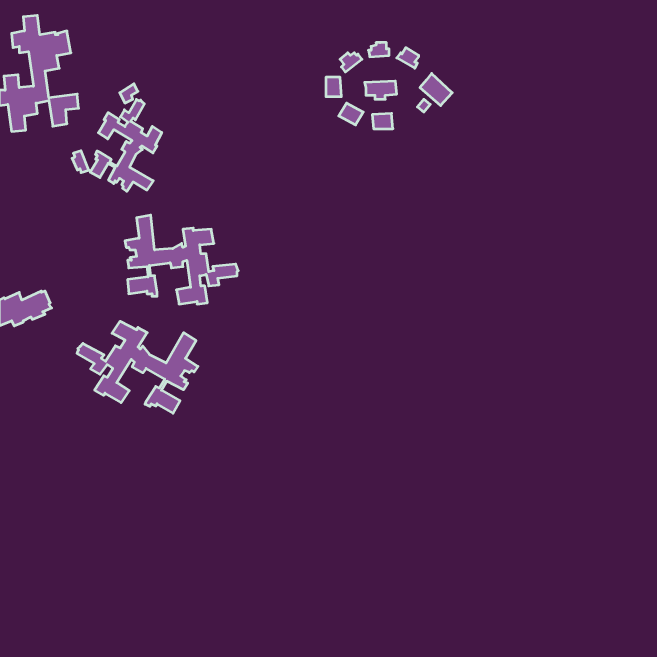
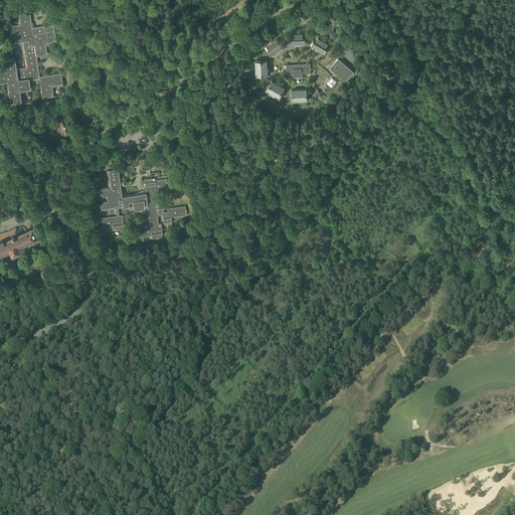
building: [90,99,162,191] -> none
building: [77,321,198,413] -> none

